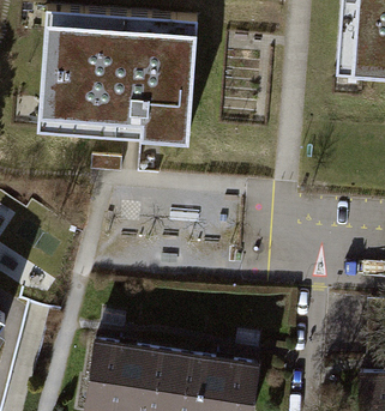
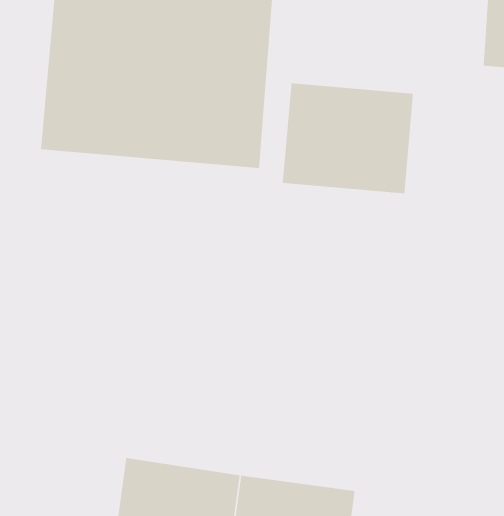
building: none -> [282,82,414,194]

